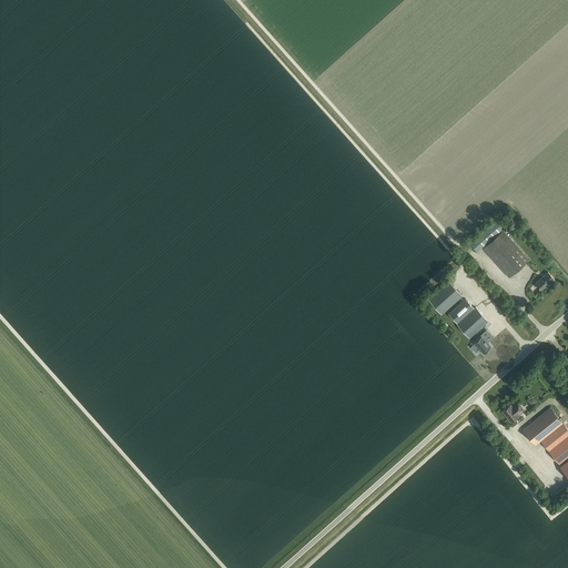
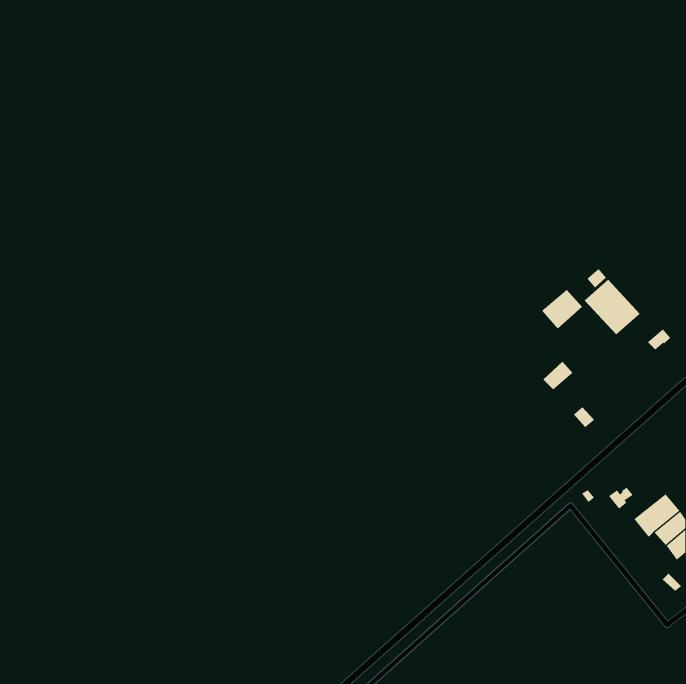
building: [428,282,463,315] -> [541,289,583,330]
building: [457,308,488,338] -> none

